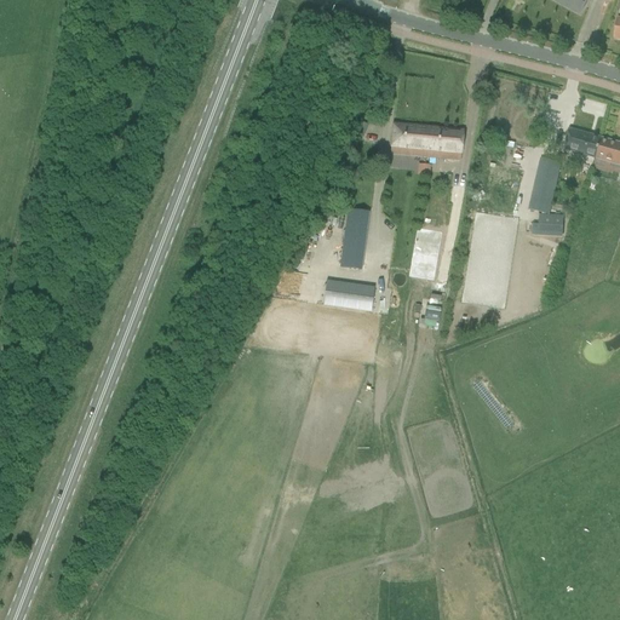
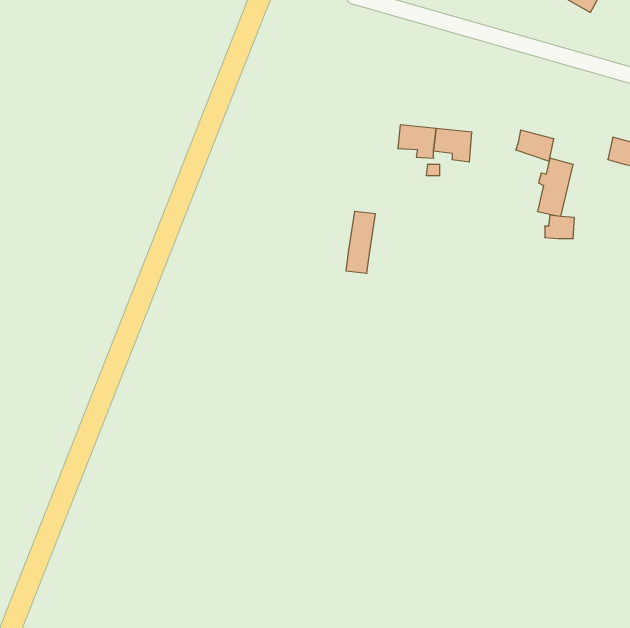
building: [564,126,602,156] -> [516,130,554,161]
building: [323,277,375,310] -> none

